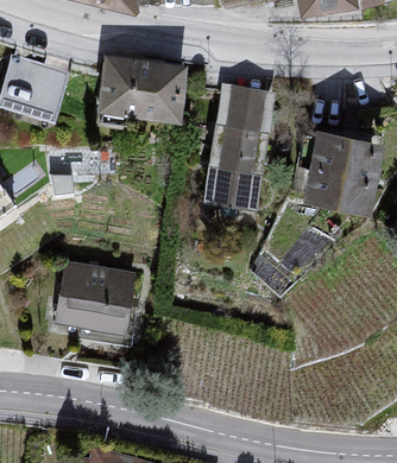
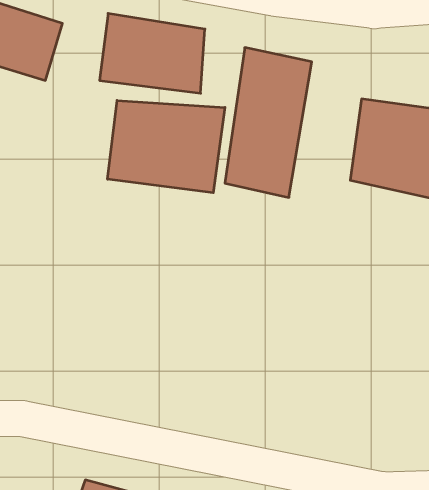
building: none -> [108,100,225,193]
building: [55,262,136,347] -> none

